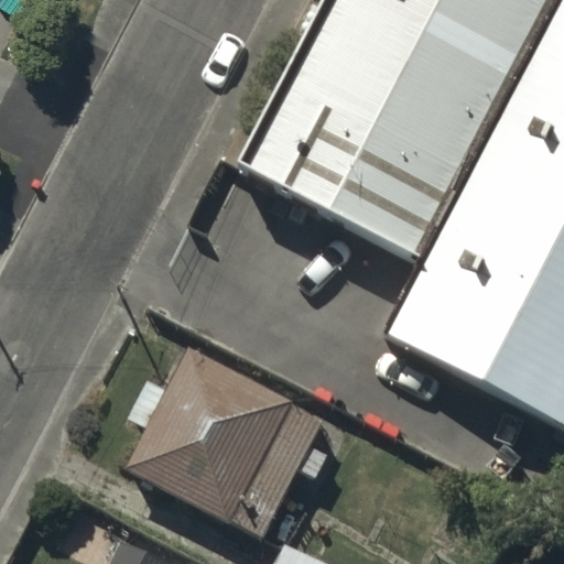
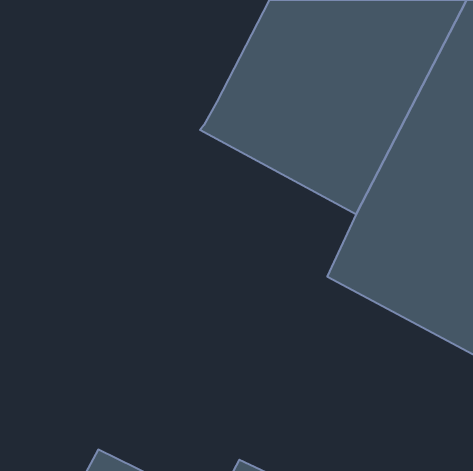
building: [128,350,329,543] -> none

